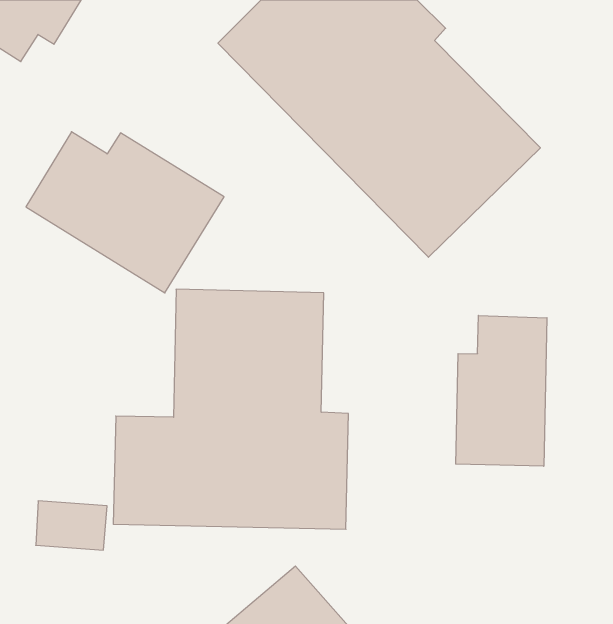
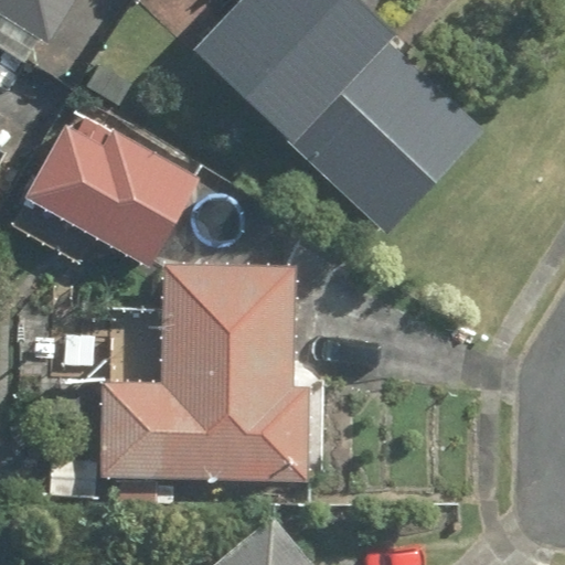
building: [456,315,547,466] -> none

